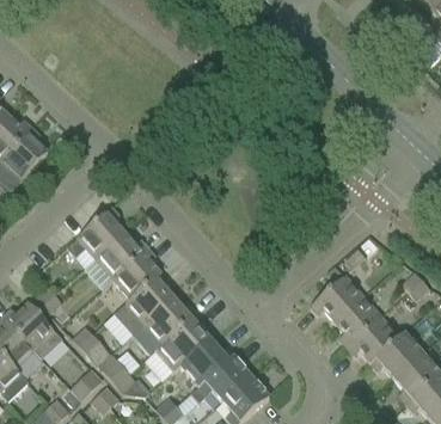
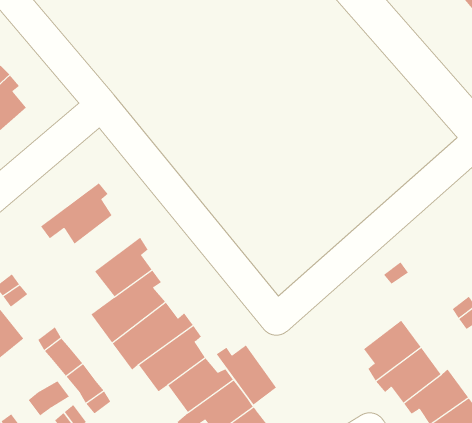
building: [94,232,147,278] -> none
building: [310,275,362,321] -> none
building: none -> [216,344,277,405]

